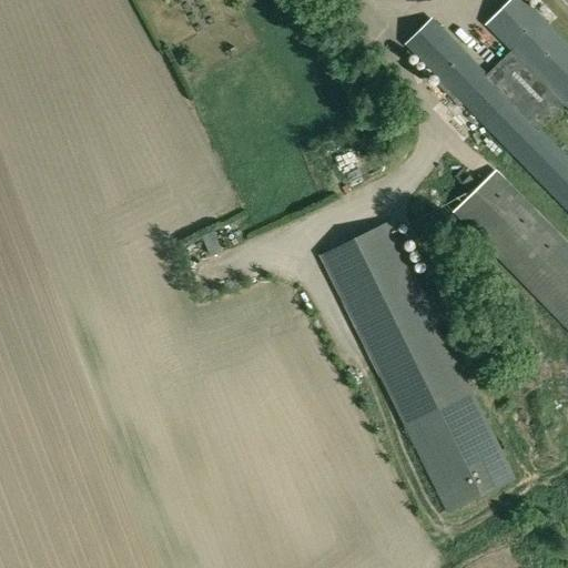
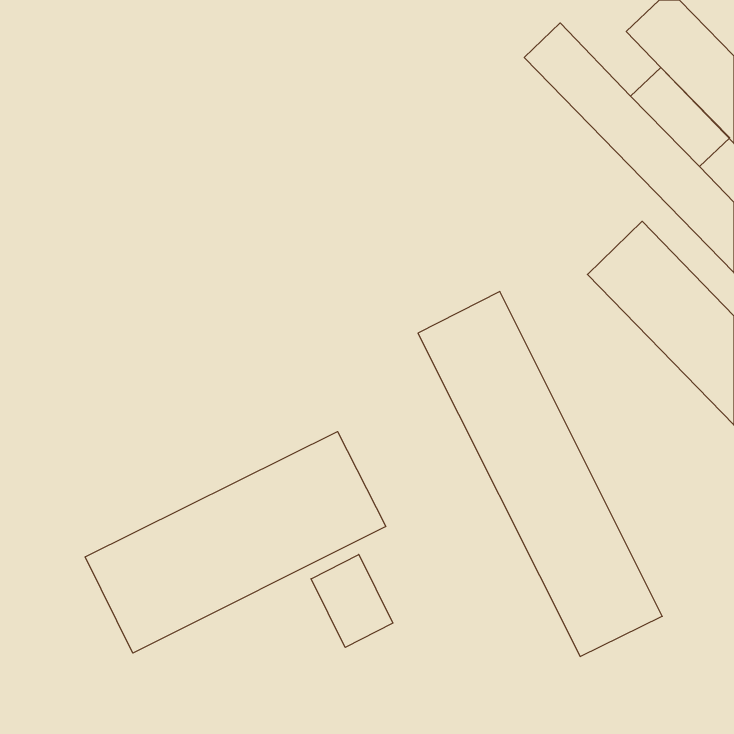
building: none -> [85,432,386,653]
building: none -> [311,554,393,647]

